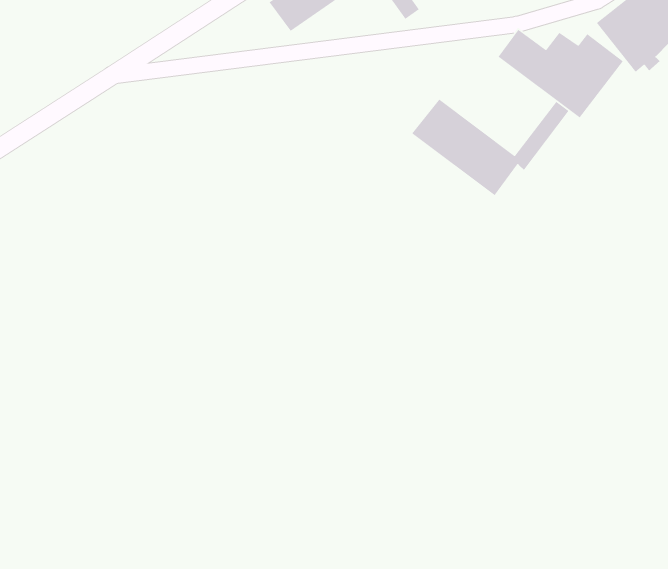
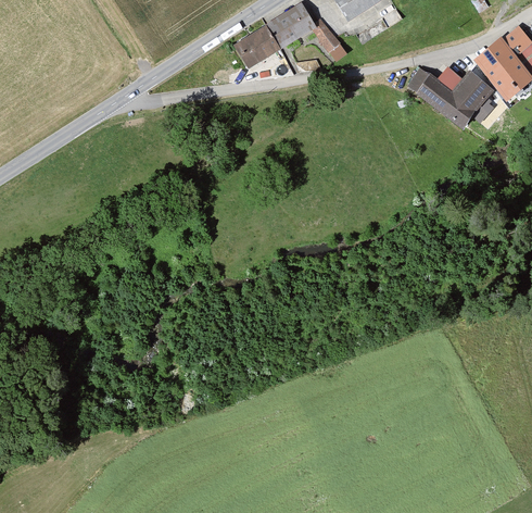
building: [411,98,570,196] -> none

